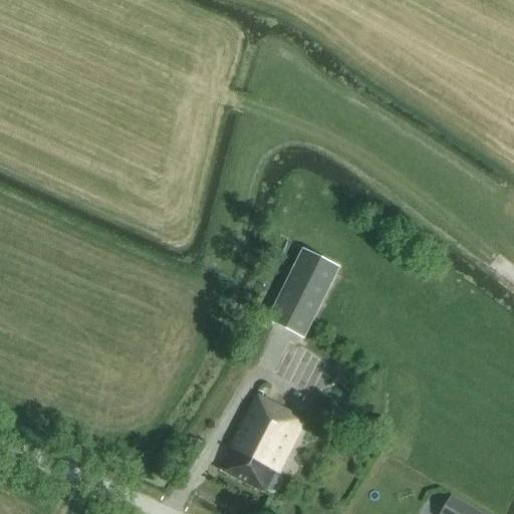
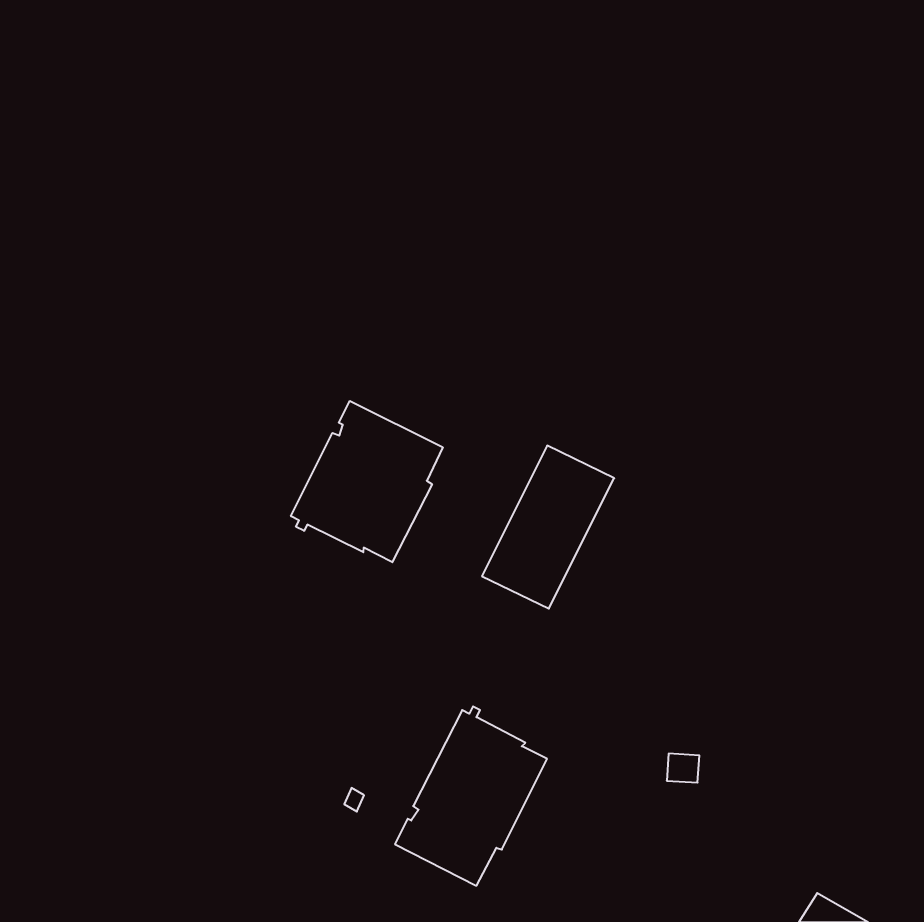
building: none -> [291,401,443,562]

